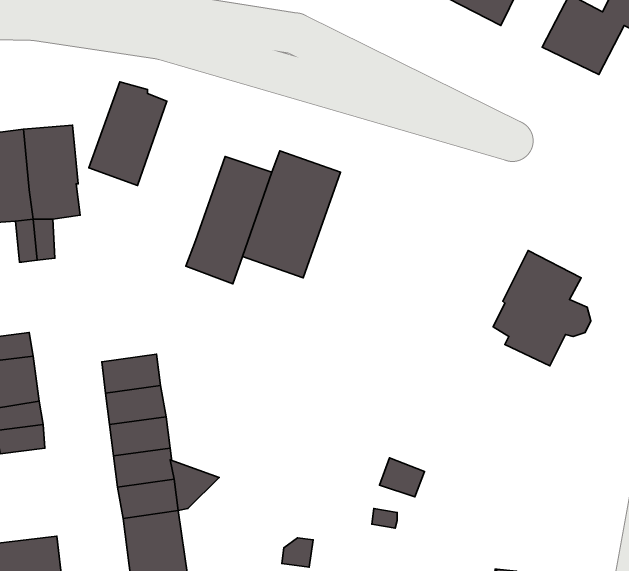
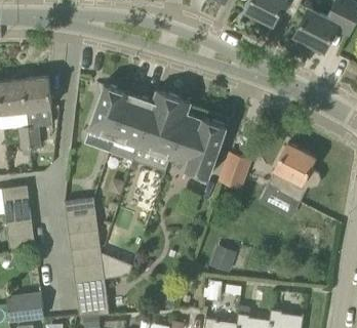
building: [89,82,167,185] -> [87,84,128,138]
building: none -> [169,102,227,177]
building: none -> [220,155,249,189]

